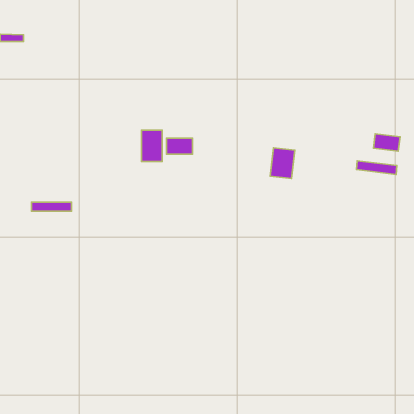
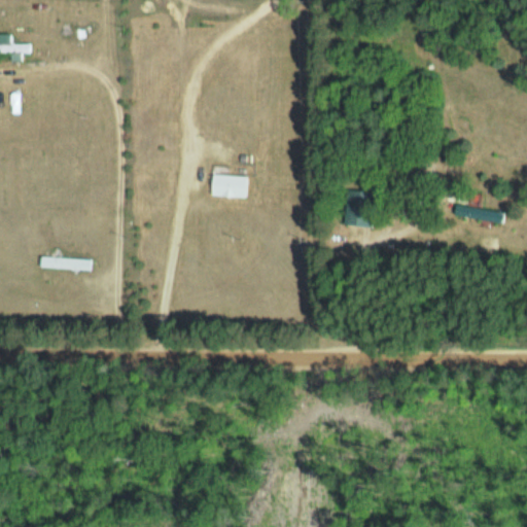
building: [141,130,162,161] -> none
building: [374,134,400,151] -> none

